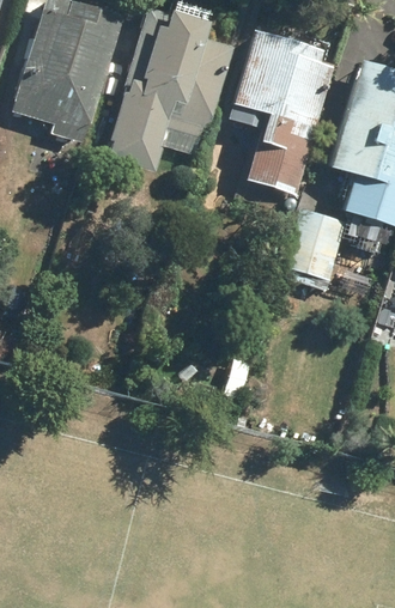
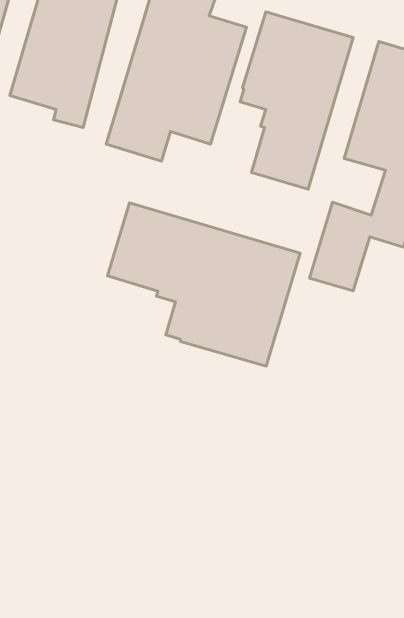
building: none -> [108,203,300,366]

